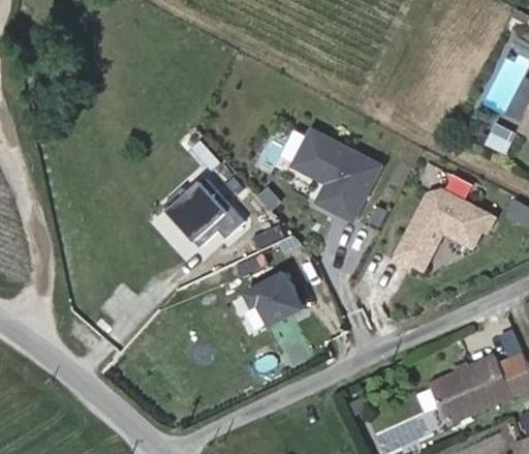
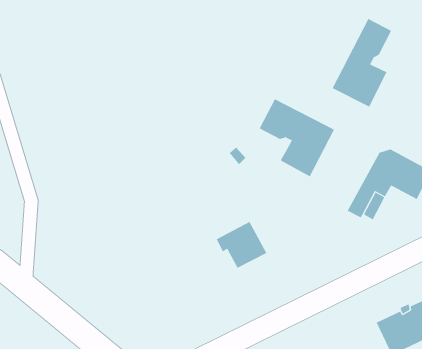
building: none -> [332,18,392,108]
building: [162,175,245,245] -> none

